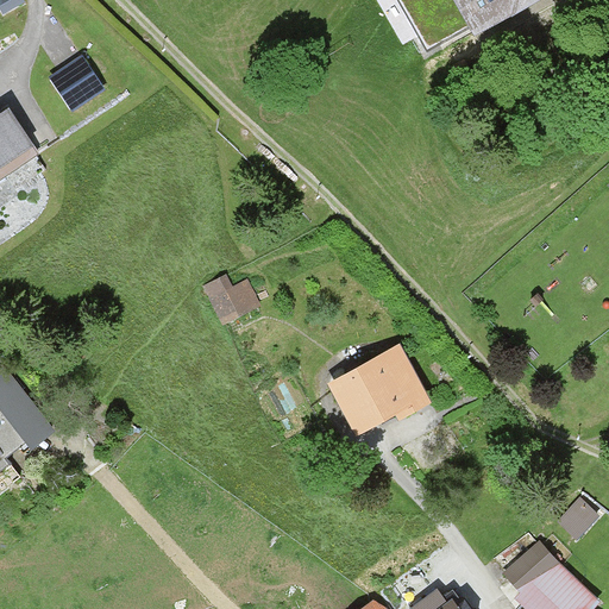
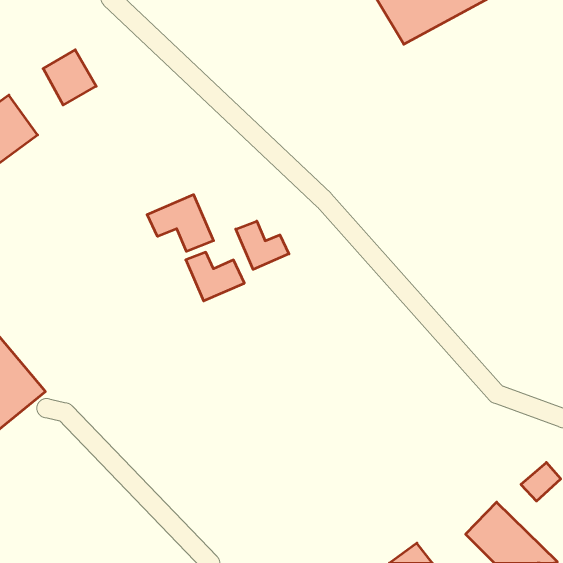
building: none -> [147,195,214,251]
building: none -> [236,221,289,269]
building: [324,345,431,445] -> none

